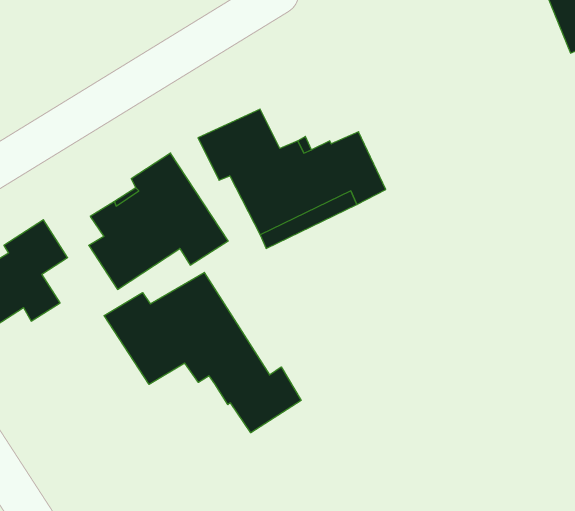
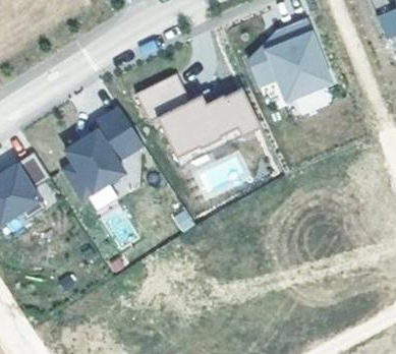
building: none -> [249,15,332,97]
building: [104,272,301,433] -> none

